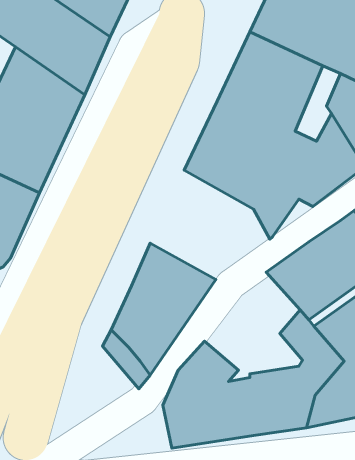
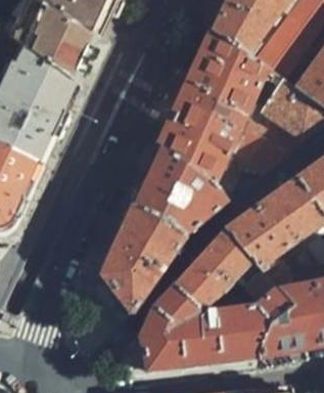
building: none -> [130,145,227,234]
building: none -> [174,228,251,308]

